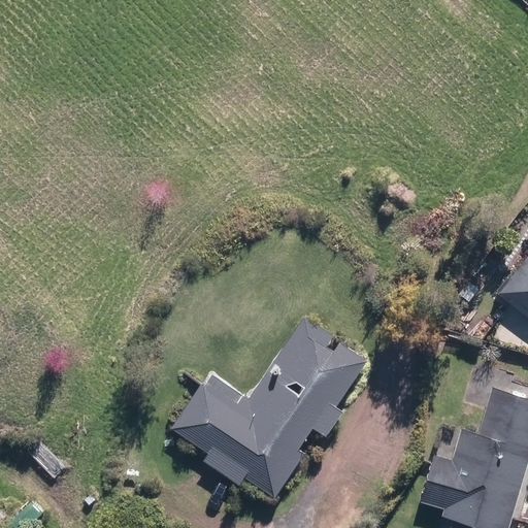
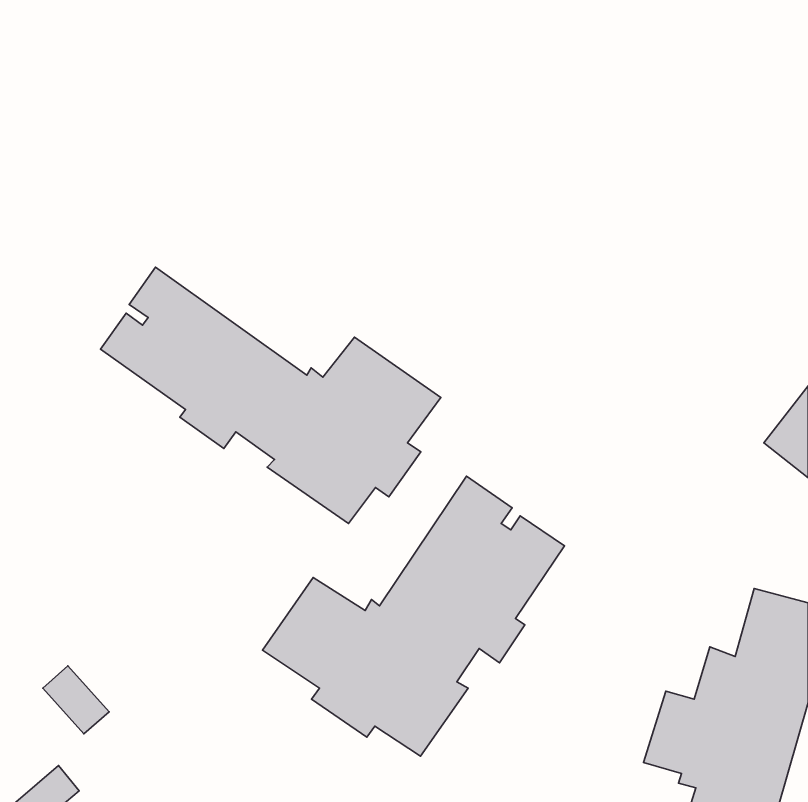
building: none -> [100,267,441,524]

